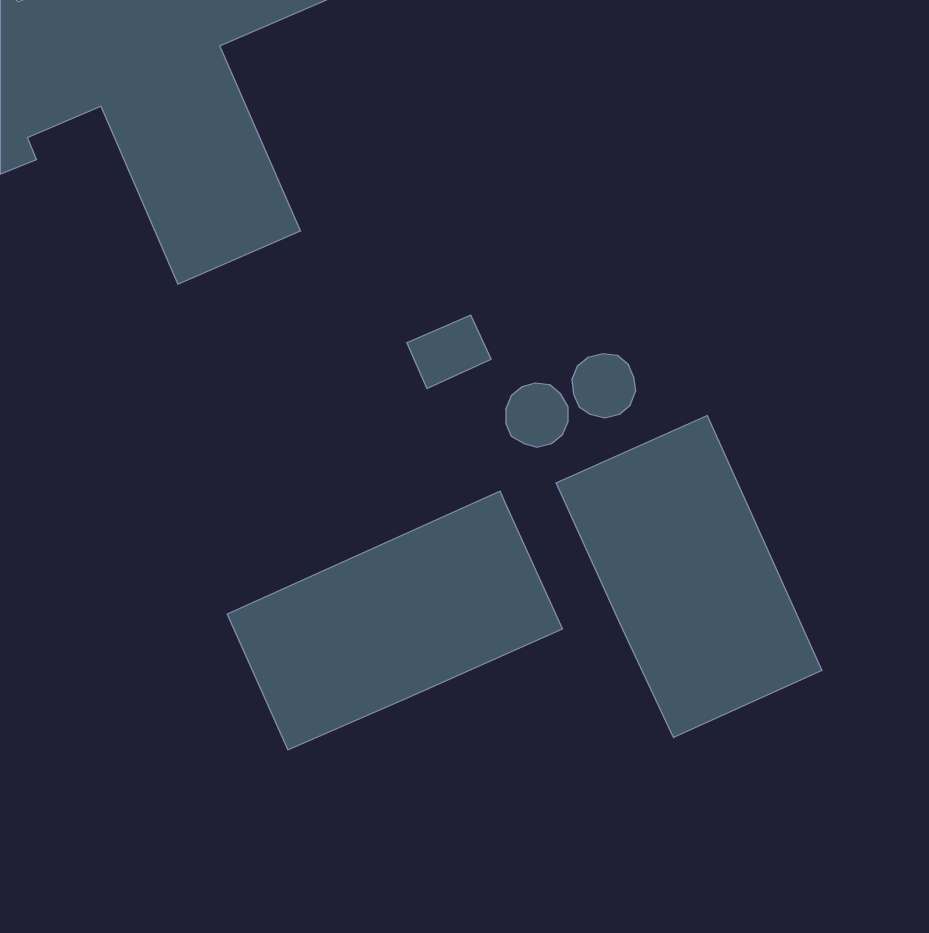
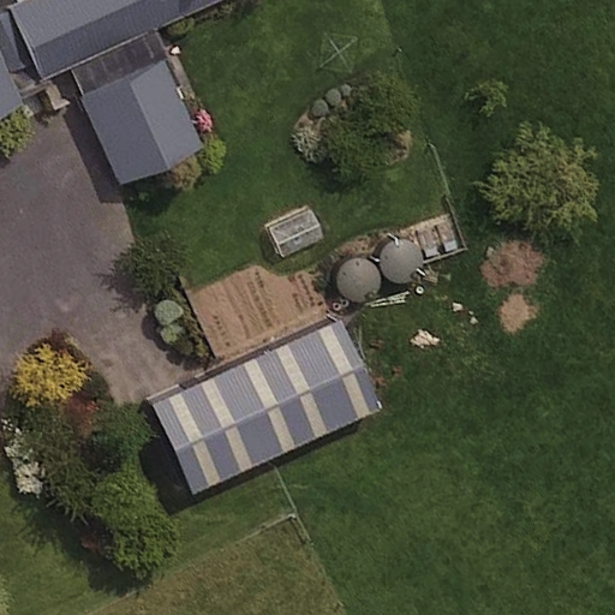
building: [556,415,822,738] -> none

